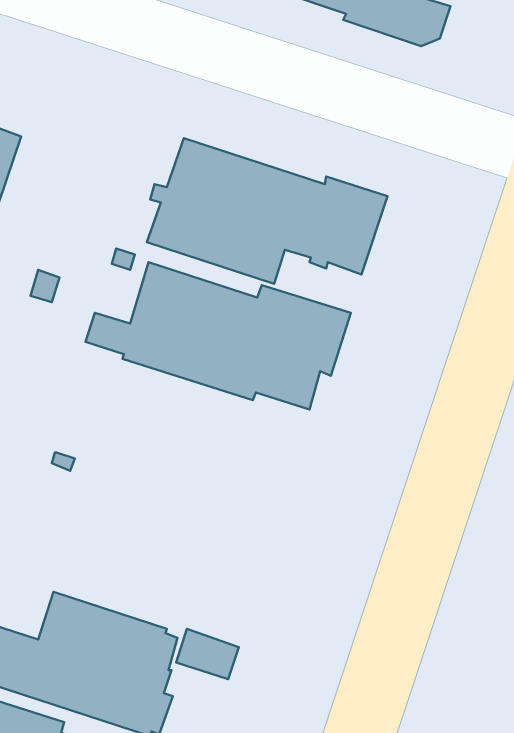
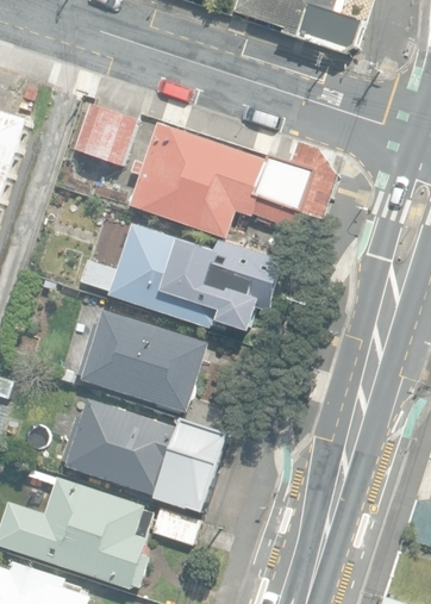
building: none -> [74,104,138,166]
building: none -> [76,310,208,413]
building: none -> [61,400,229,515]

